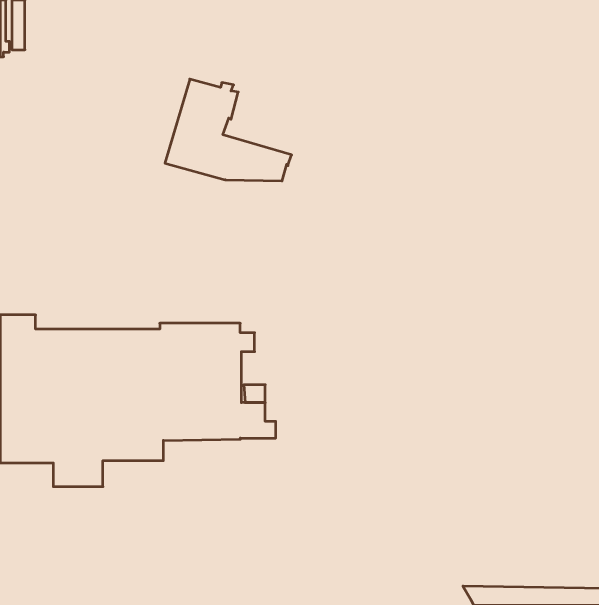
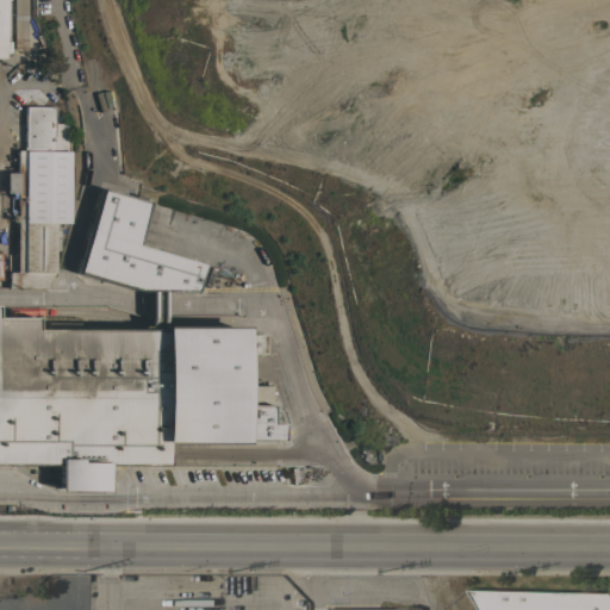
building: [165,79,292,181] -> [80,188,207,291]
building: none -> [11,106,73,288]

